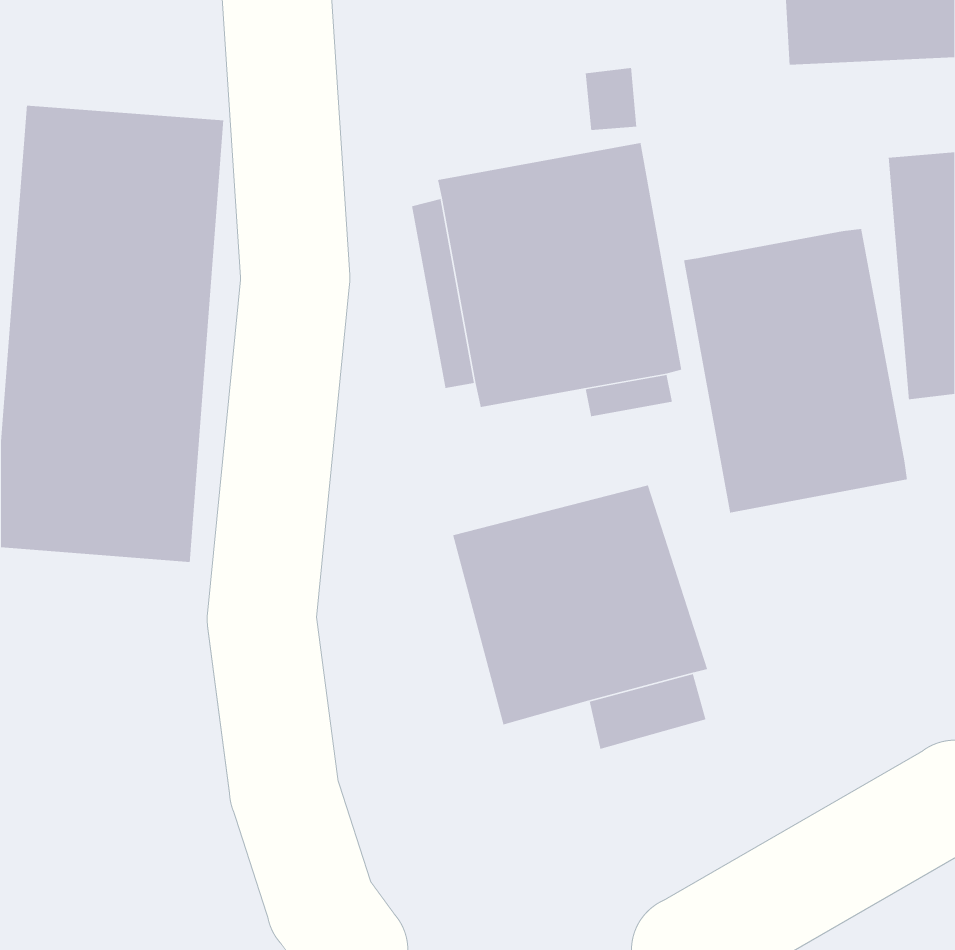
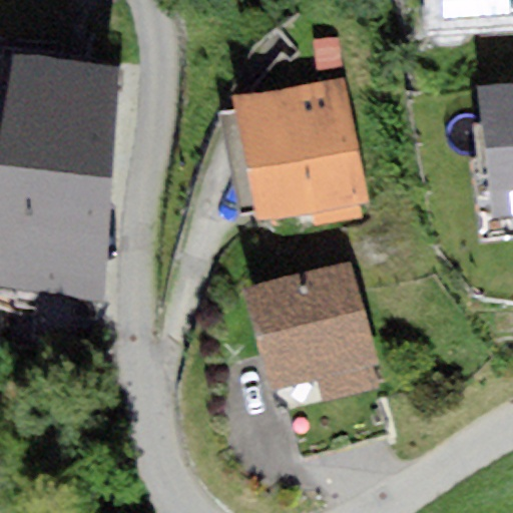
building: [683,228,908,514] -> none

